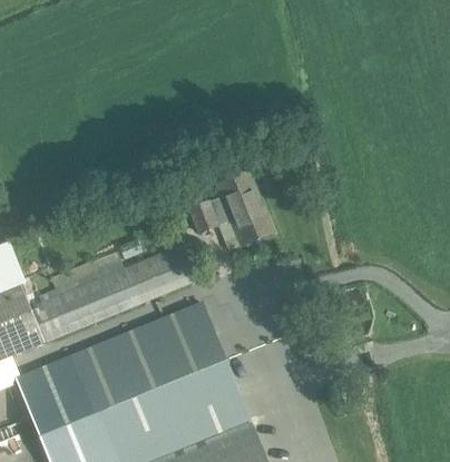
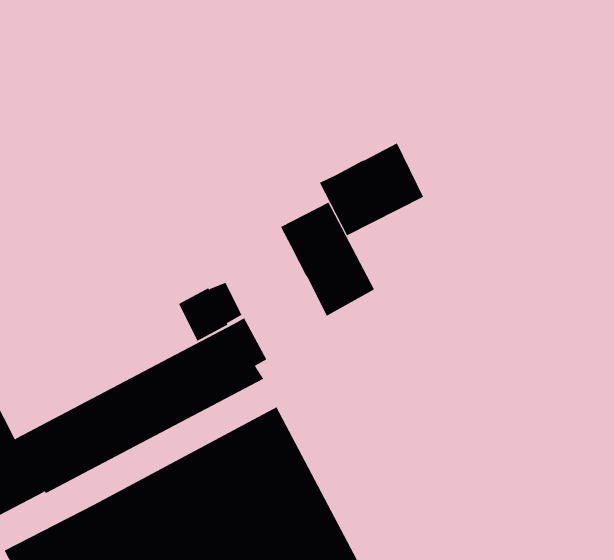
building: none -> [319,142,424,236]
building: [187,197,228,234] -> [178,282,242,341]

